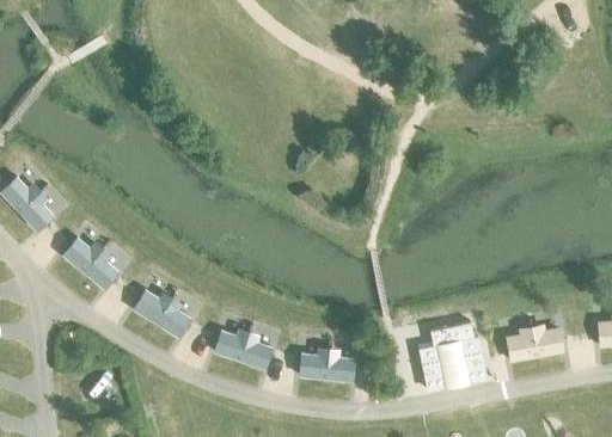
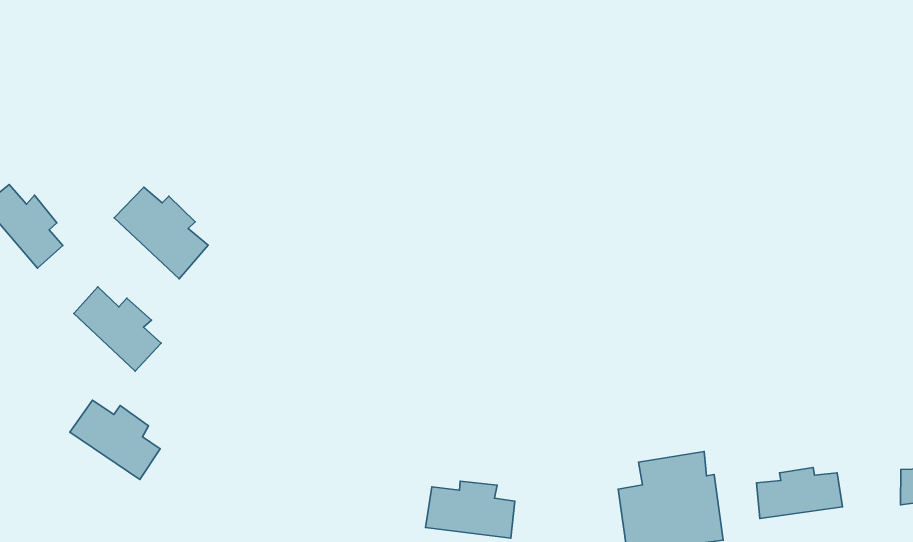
building: none -> [114,187,208,279]
building: [133,289,191,338] -> [70,400,160,479]
building: [215,328,273,370] -> none

